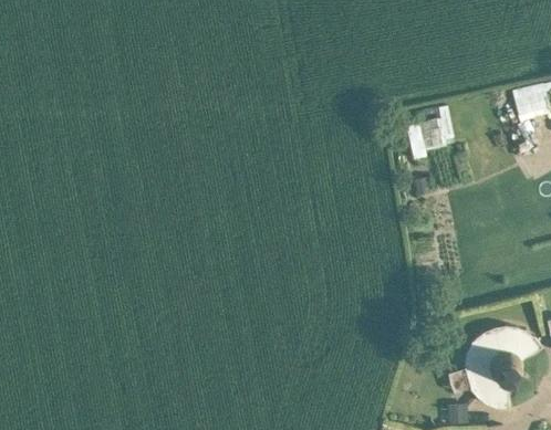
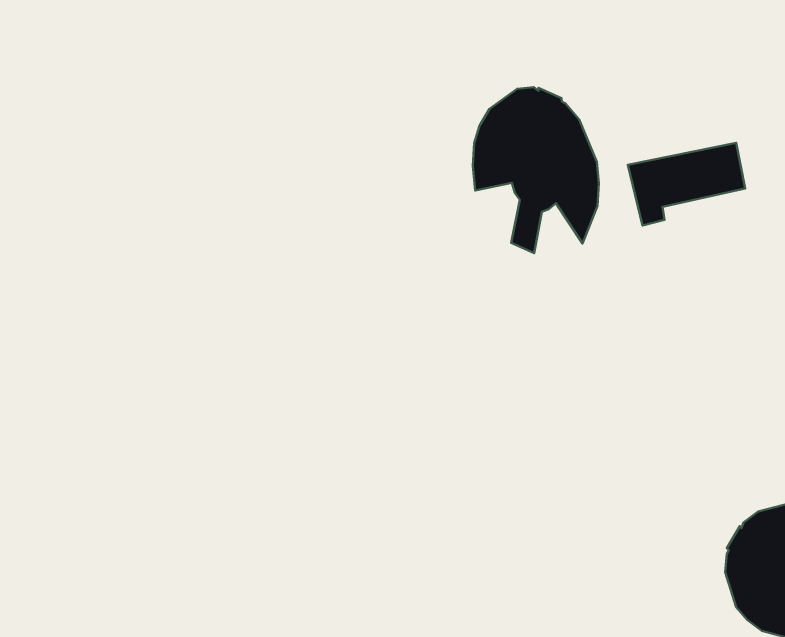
building: none -> [473,87,599,253]

